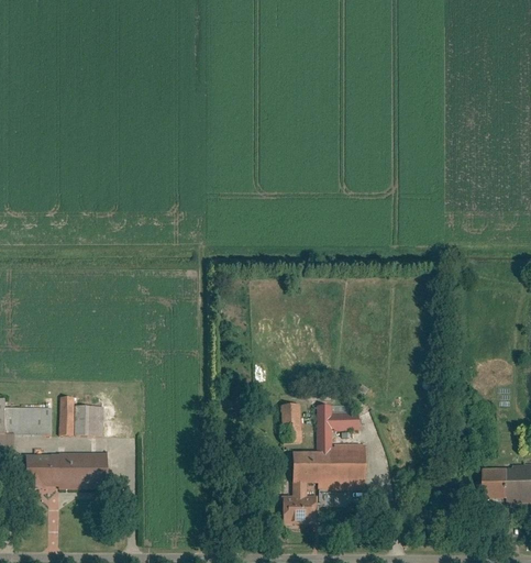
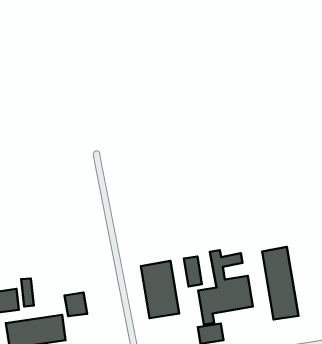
building: none -> [141,261,179,318]
building: [75,406,101,435] -> [65,292,87,316]
building: none -> [262,247,298,320]

